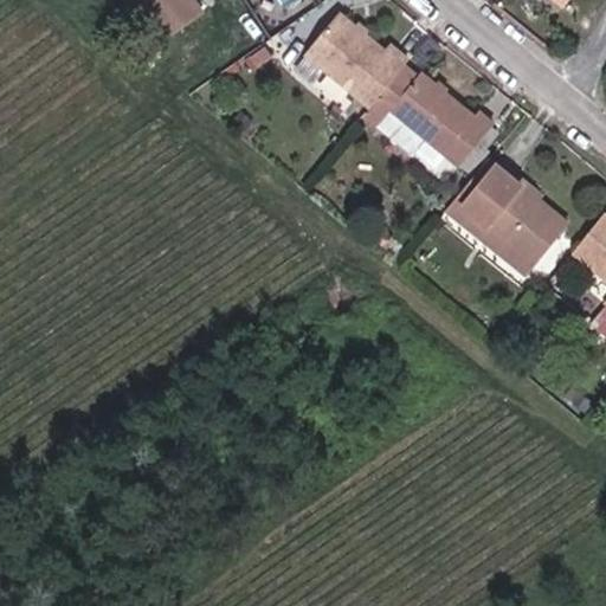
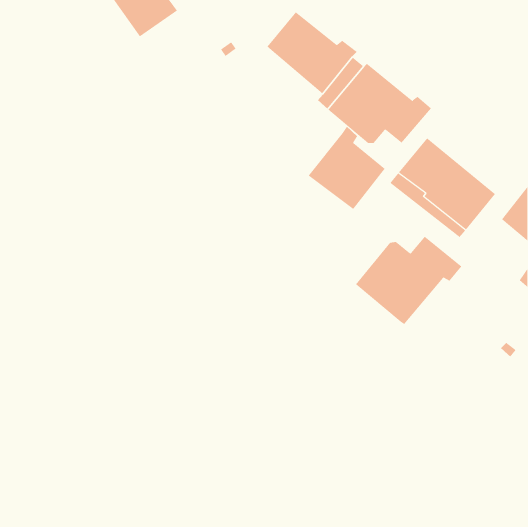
building: none -> [308,126,385,210]
building: none -> [355,236,462,325]

